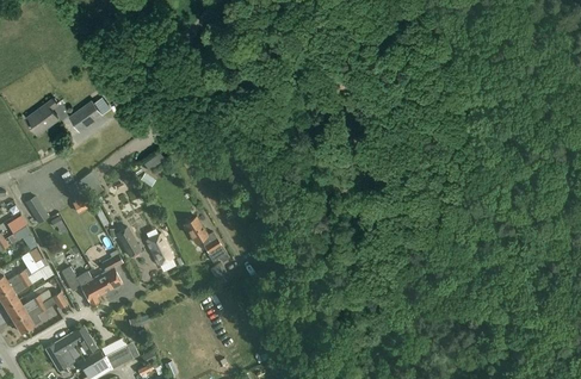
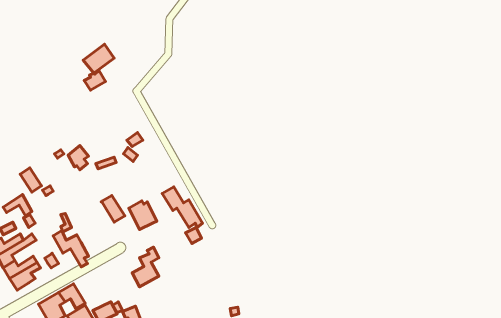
building: [24,99,57,135] -> none
building: [67,100,101,132] -> [83,44,114,73]
building: [92,251,122,296] -> [132,247,159,287]

